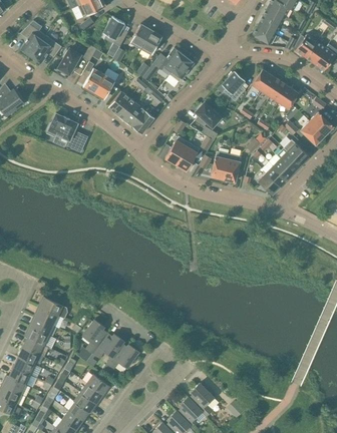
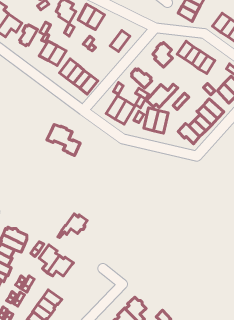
building: [152,47,184,75] -> none
building: [46,113,87,151] -> [47,124,80,155]
building: none -> [147,84,178,108]
building: [102,343,138,372] -> [58,214,87,238]

